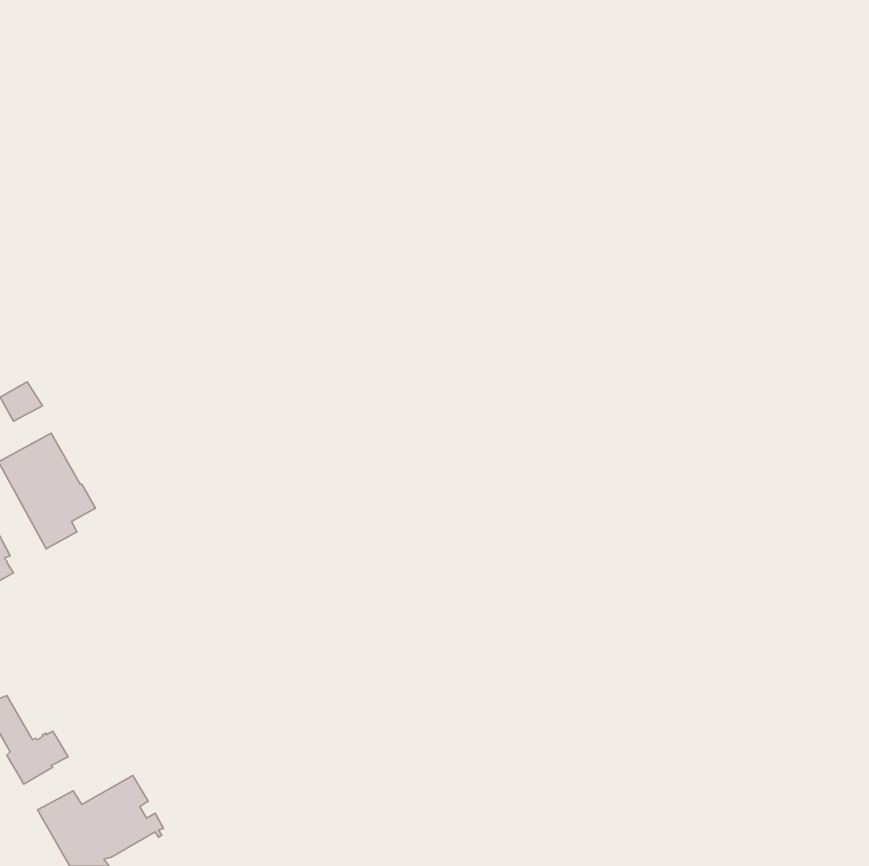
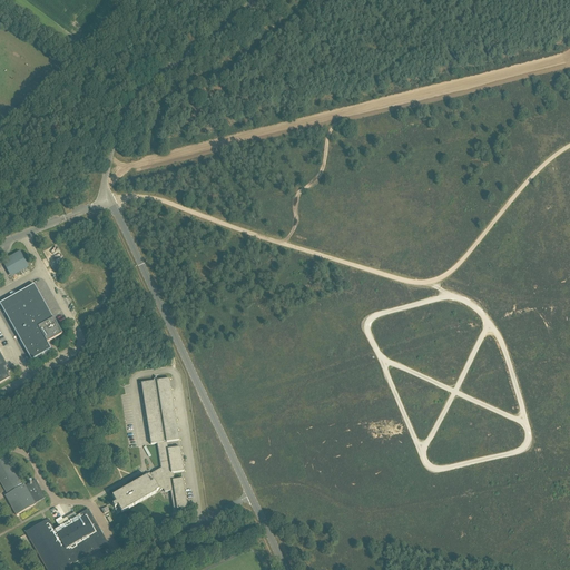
building: none -> [111,374,186,515]

